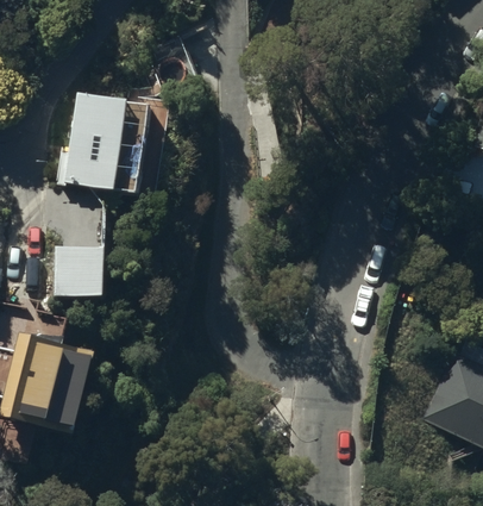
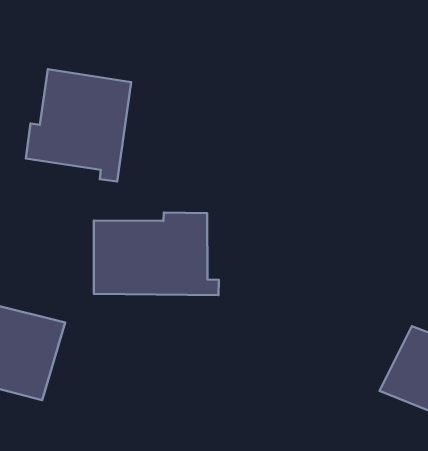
building: none -> [94,213,219,295]
building: [54,246,104,294] -> none

